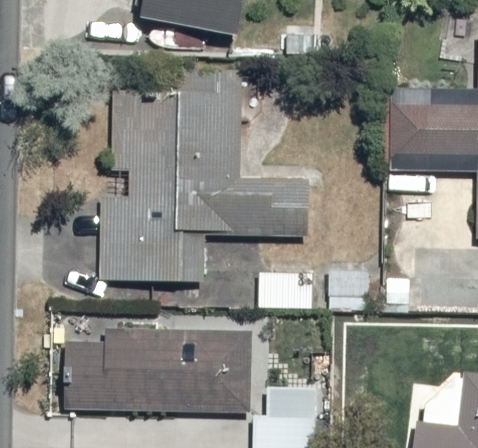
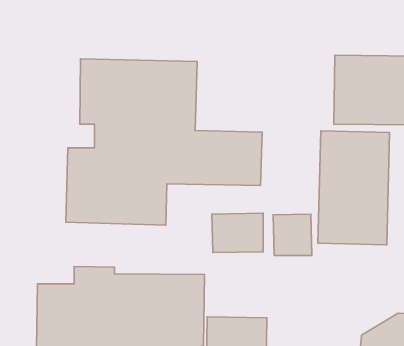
building: none -> [318,131,390,245]

